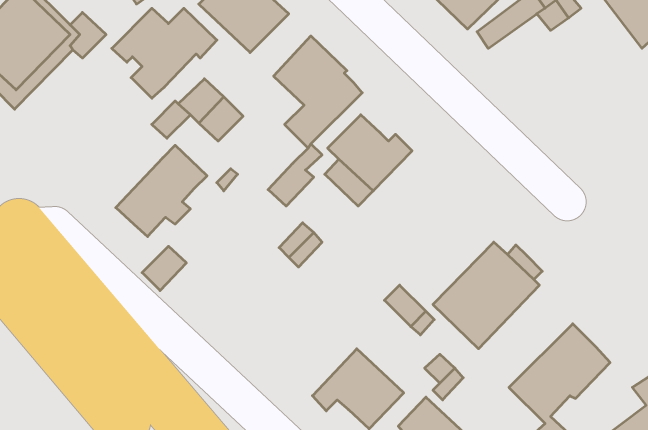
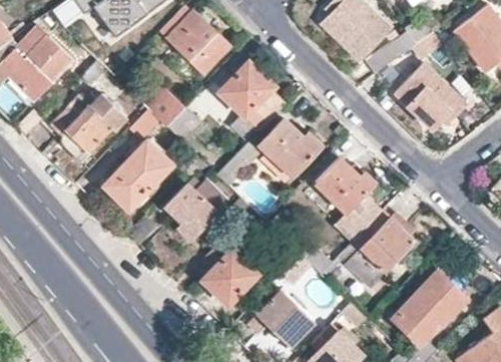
building: [112,8,217,98] -> [49,97,125,162]
building: none -> [395,47,468,129]
building: none -> [314,158,374,214]
building: none -> [163,180,225,240]
building: none -> [201,242,259,304]

